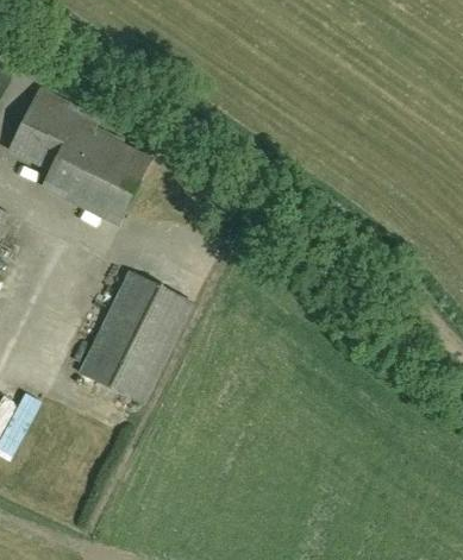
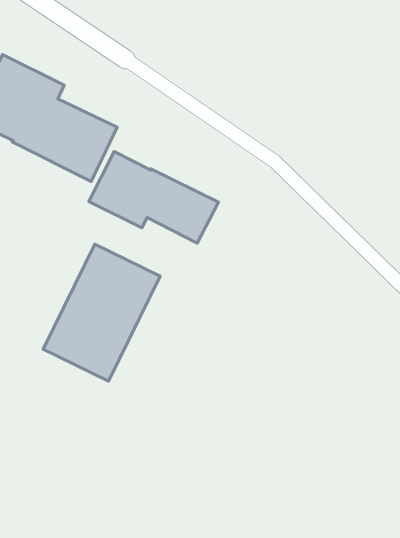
building: none -> [89,152,218,243]

